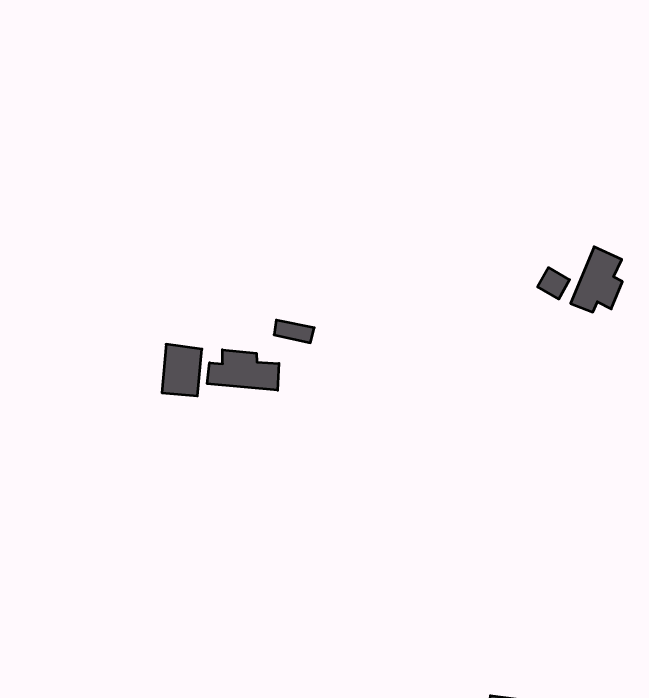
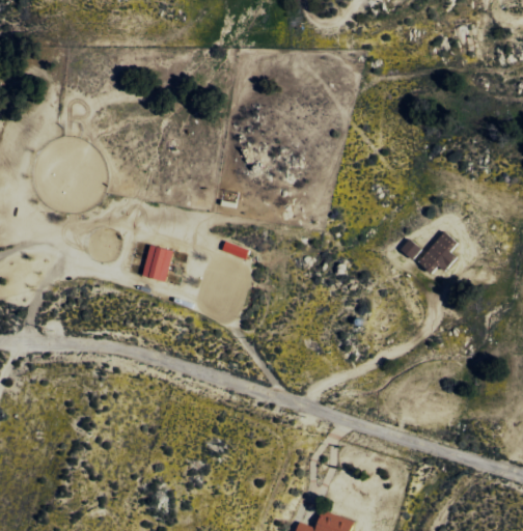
building: [207,350,279,390] -> none

